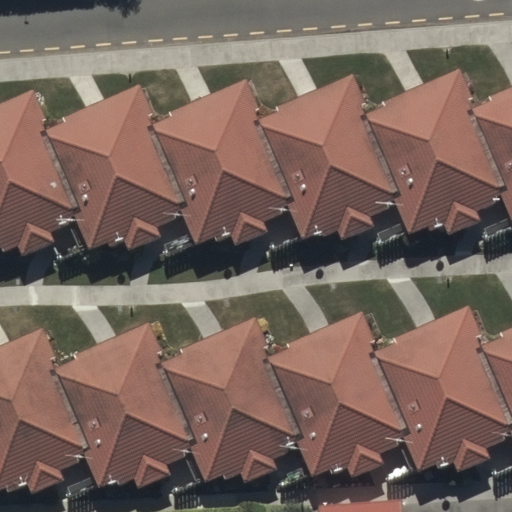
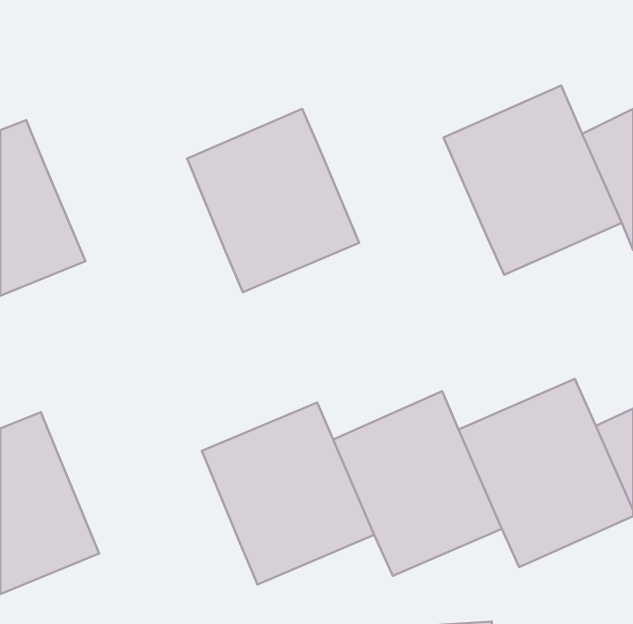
building: [257,87,393,236] -> none
building: [35,97,182,251] -> none
building: [47,333,194,487] -> none

